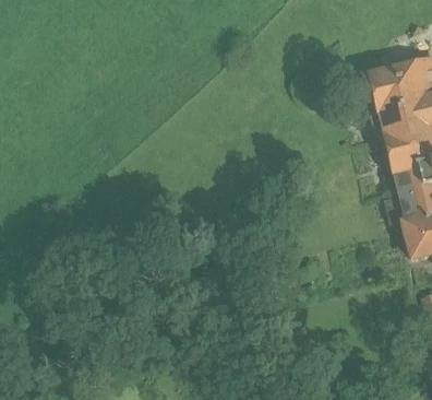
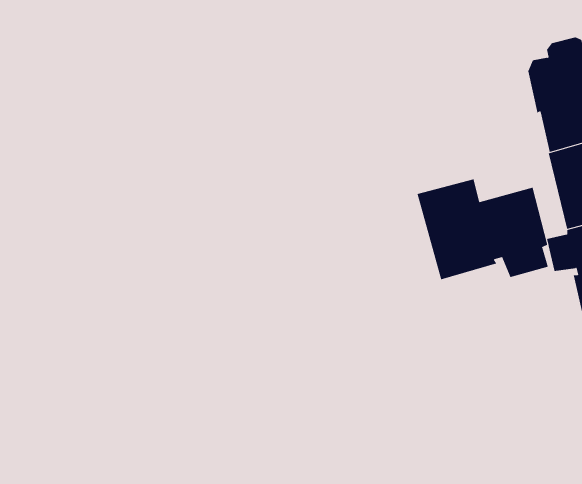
building: none -> [417,178,549,280]

